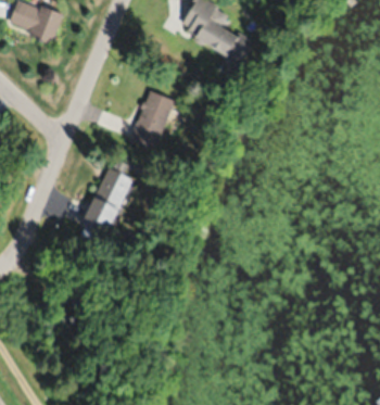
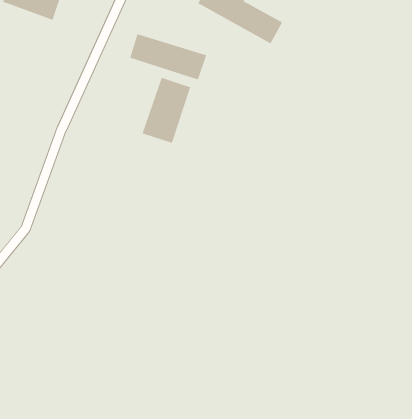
building: none -> [129,33,207,81]
building: [81,166,132,237] -> none

